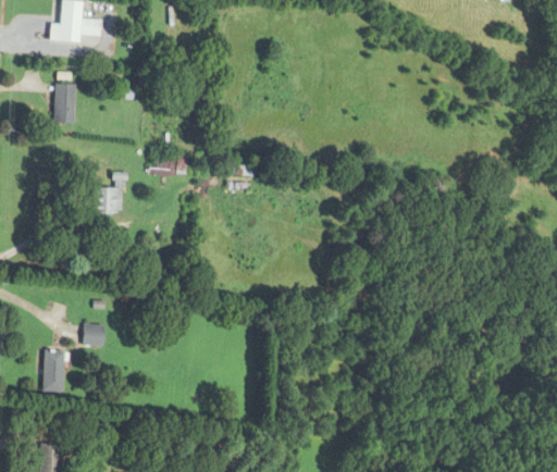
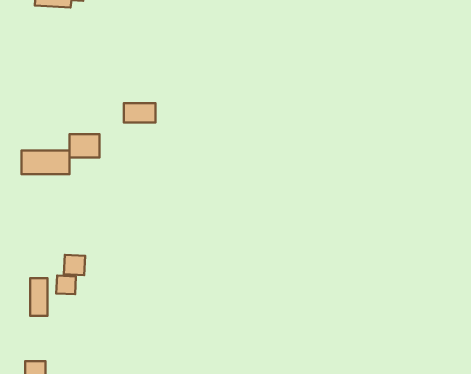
building: [55,83,74,123] -> none
building: none -> [22,151,70,174]
building: none -> [56,276,76,294]

